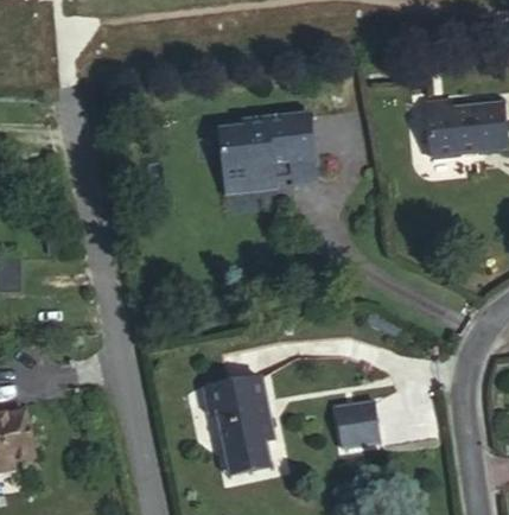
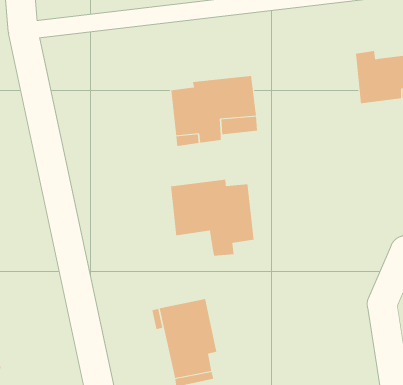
building: none -> [171,179,254,257]
building: [331,394,378,444] -> none

